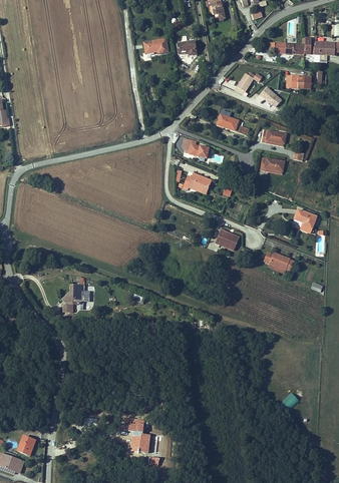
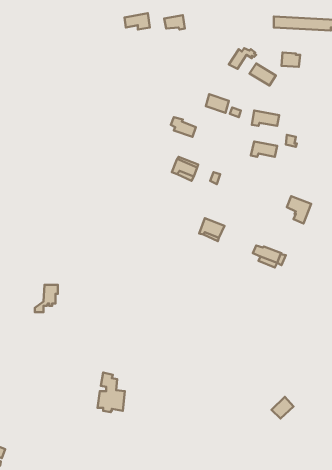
building: [125,417,150,453] -> [98,373,125,412]

